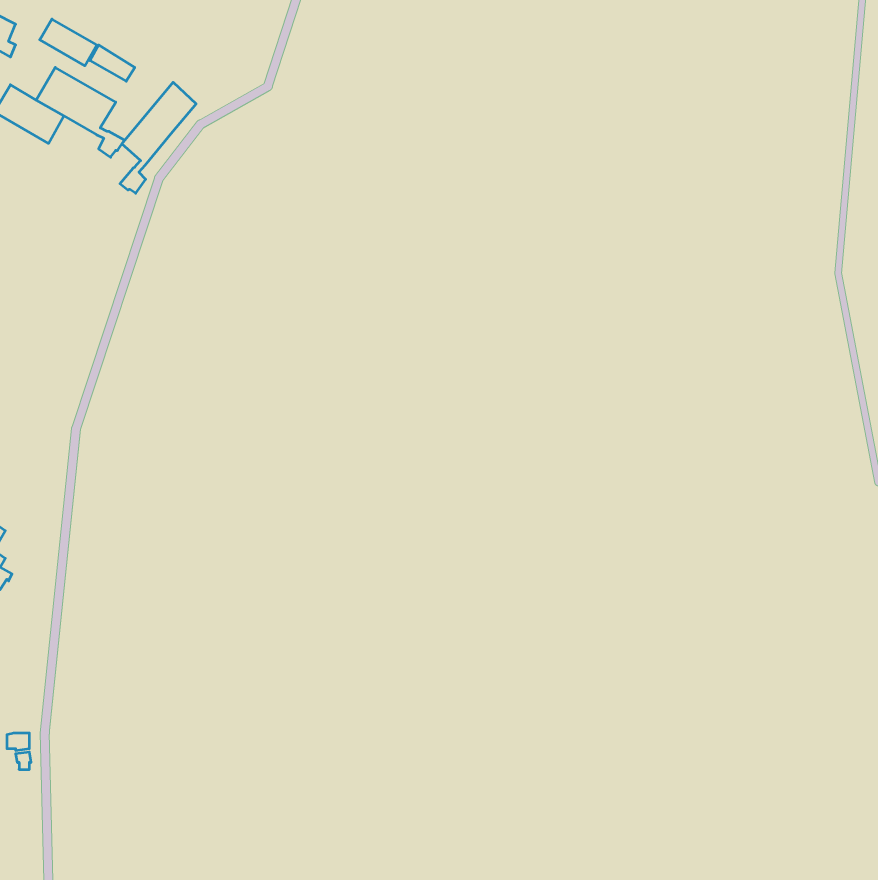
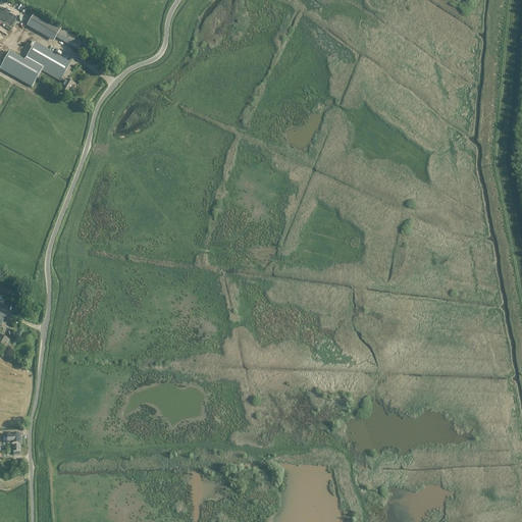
building: [120,82,196,193] -> none

